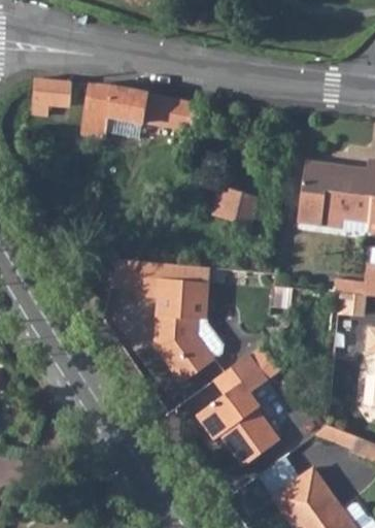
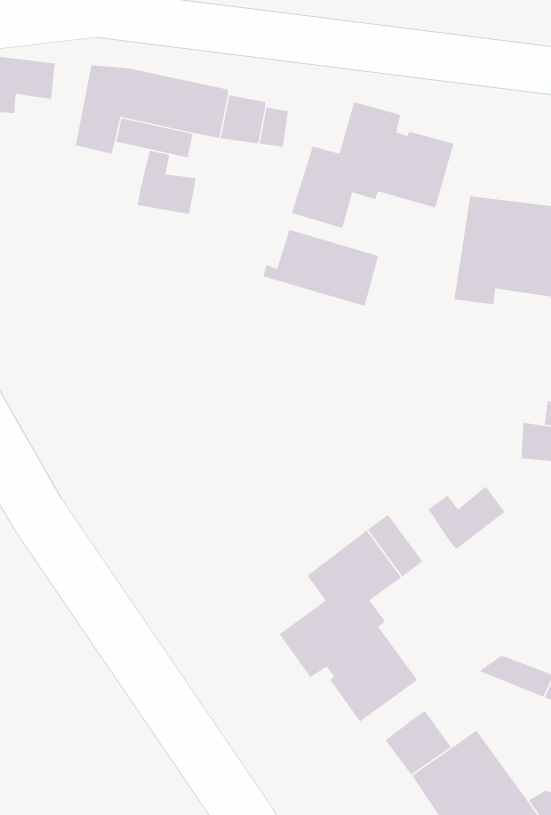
building: none -> [291,101,454,229]
building: none -> [137,150,197,215]
building: [112,258,213,385] -> none
building: none -> [428,486,505,550]

